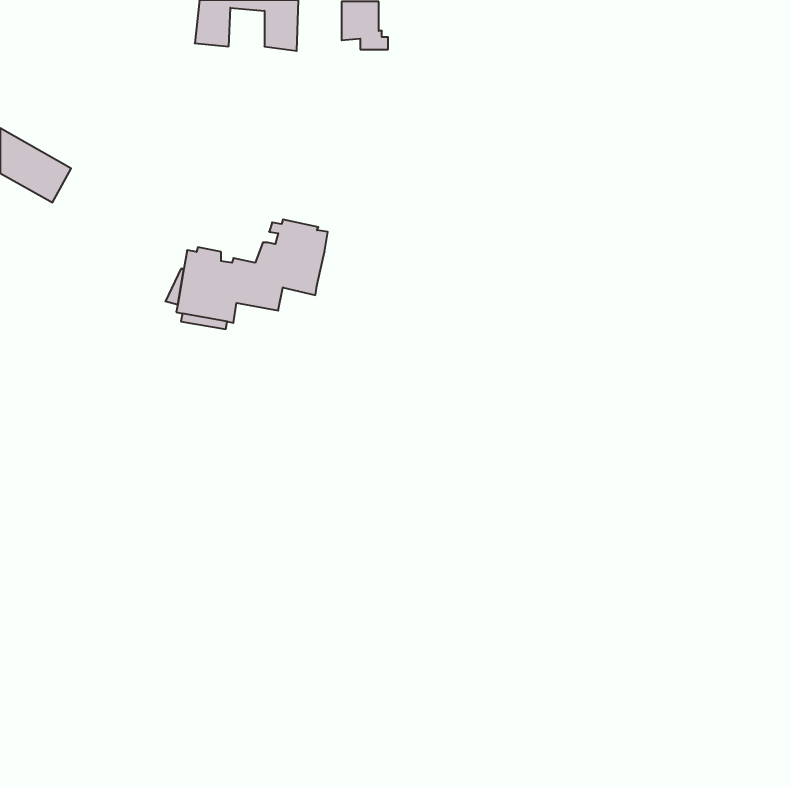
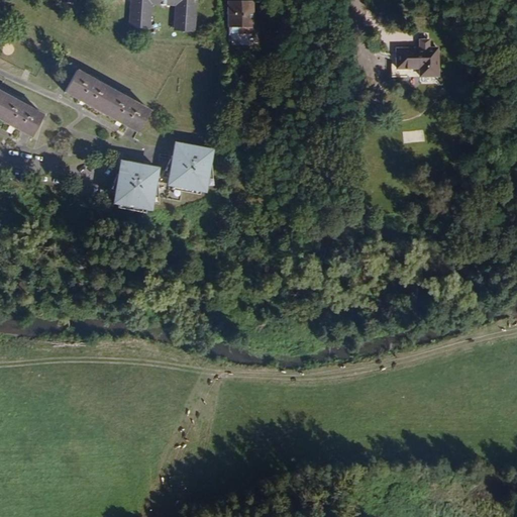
building: none -> [392,49,433,78]
building: none -> [66,65,151,127]

